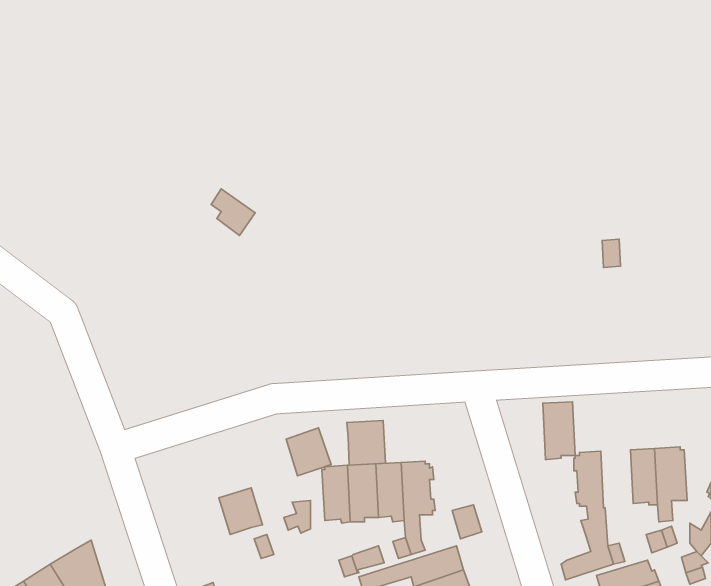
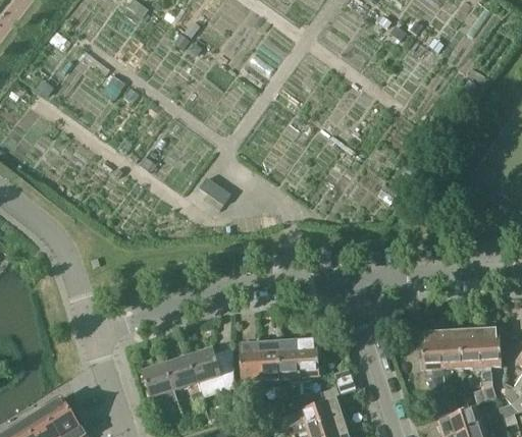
building: [211,189,255,235] -> [199,176,230,210]
building: [543,402,575,460] -> [440,329,464,371]
building: [347,421,385,465] -> none
building: [286,428,331,476] -> [189,348,221,383]
building: none -> [142,364,173,397]

